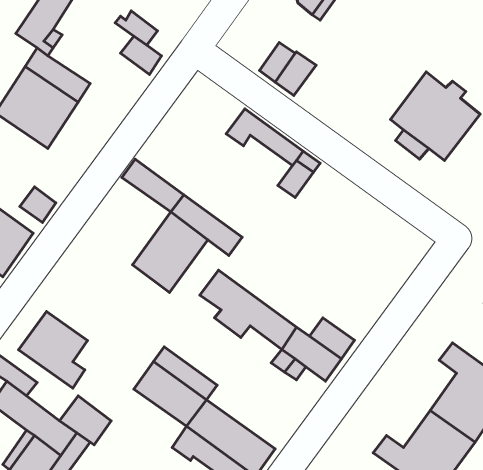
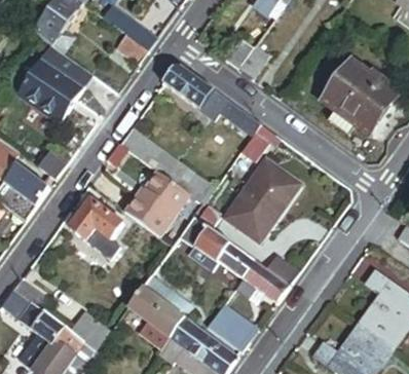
building: none -> [161,67,213,110]
building: none -> [223,157,299,240]
building: [19,311,87,388] -> [67,200,120,260]
building: none -> [206,303,257,351]

